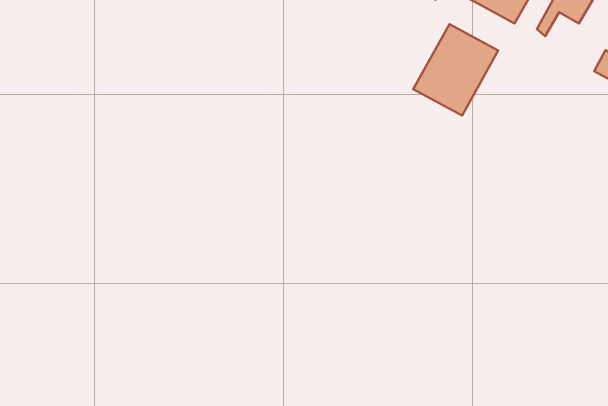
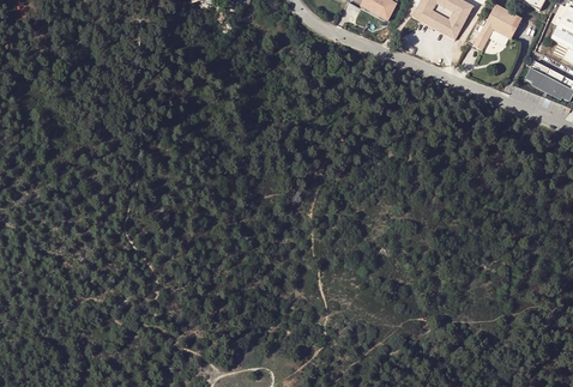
building: [413,24,498,115] -> none

